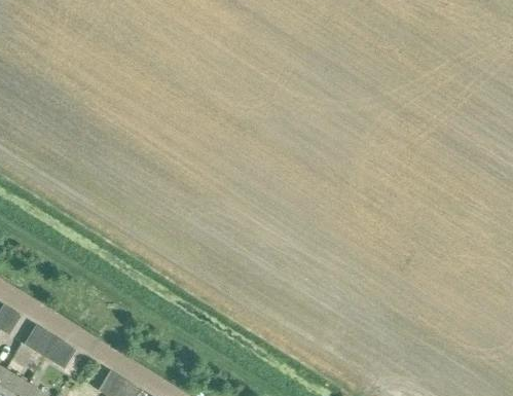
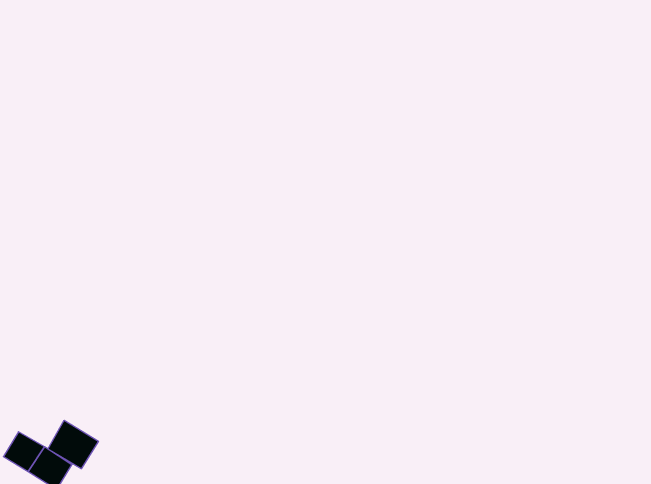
building: none -> [48,420,98,469]

